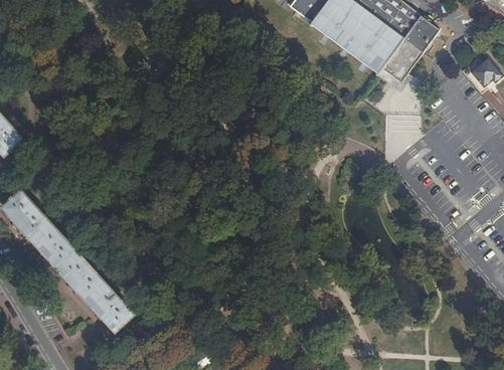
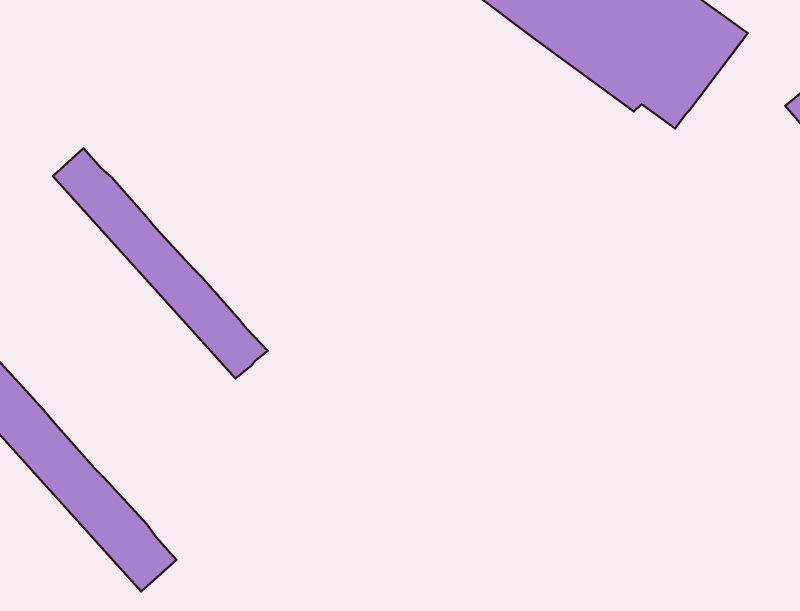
building: none -> [53,148,268,379]

